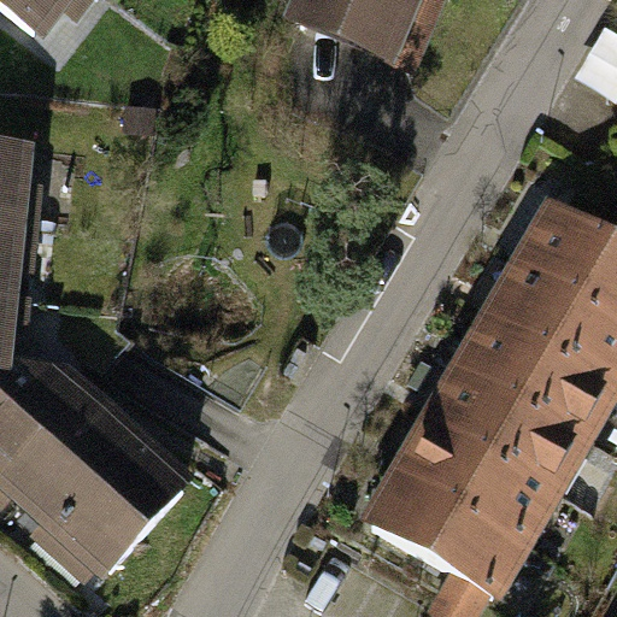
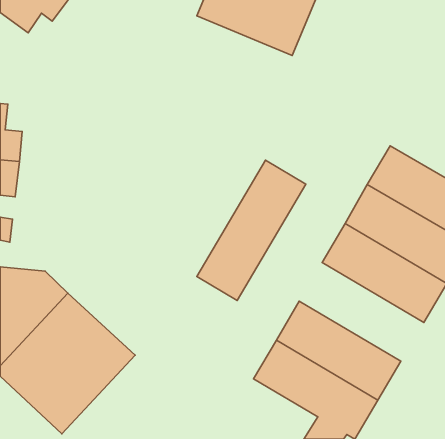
building: none -> [197,160,306,300]
building: [417,358,587,493] -> none

